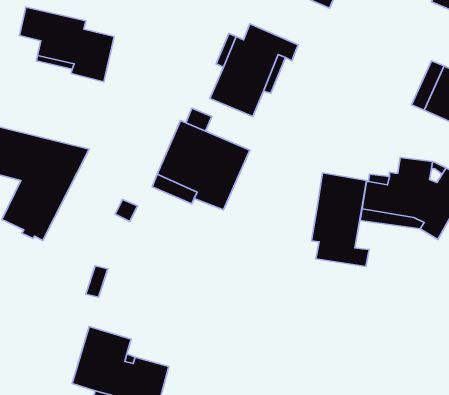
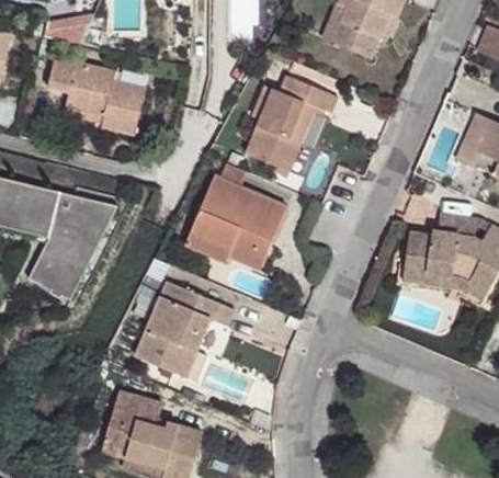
building: [311,173,369,267] -> none
building: none -> [135,281,234,380]

